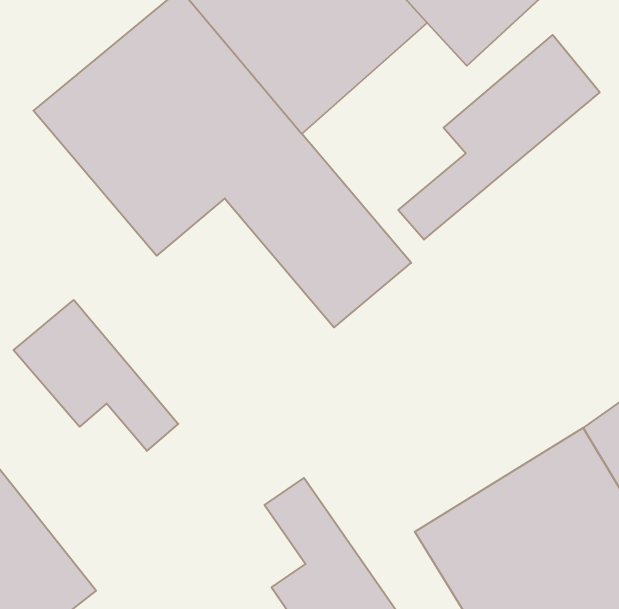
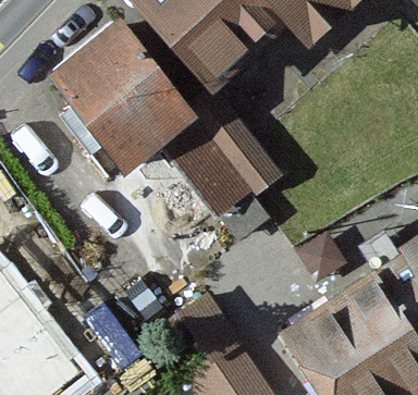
building: [398,35,600,240] -> none
building: [14,300,178,451] -> none

